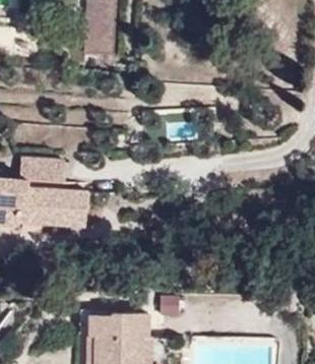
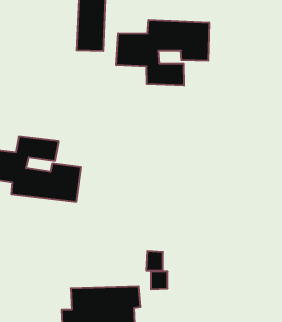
building: none -> [116,20,209,86]

